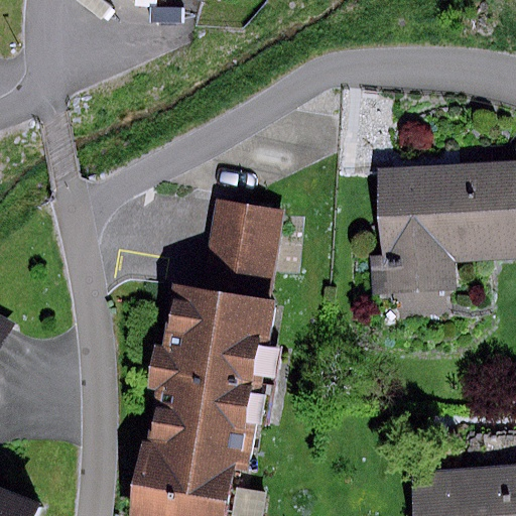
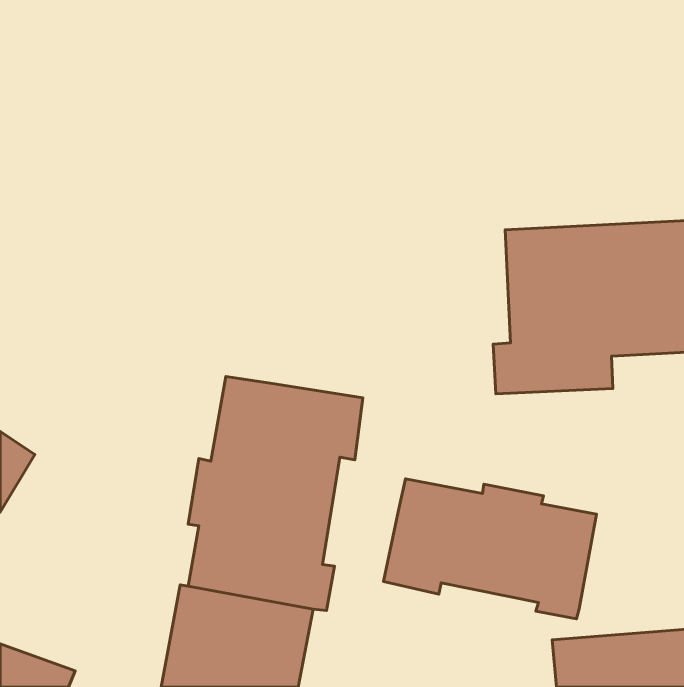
building: [205,202,287,298] -> none
building: none -> [384,479,597,619]

